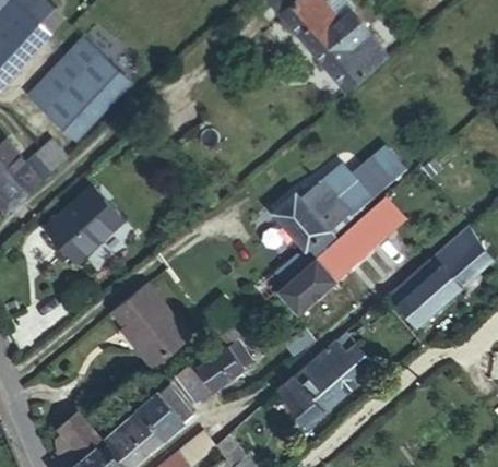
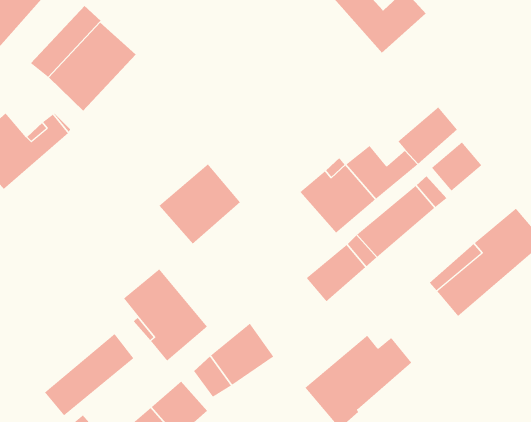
building: none -> [431,141,482,192]
building: [48,192,122,265] -> [158,163,241,244]
building: none -> [44,333,134,416]

